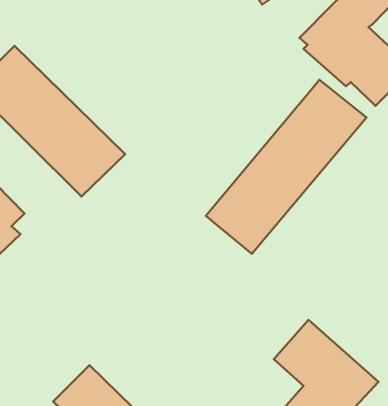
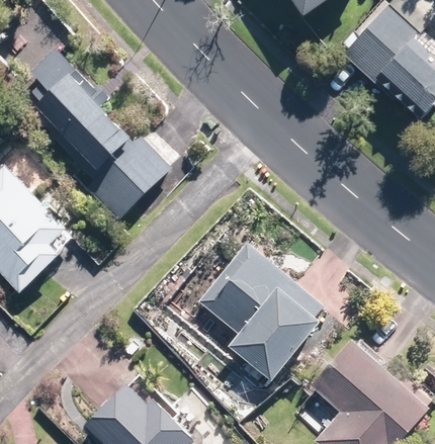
building: [206,80,367,254] -> none
building: none -> [200,243,325,374]

